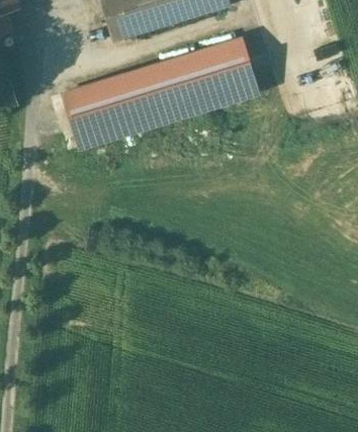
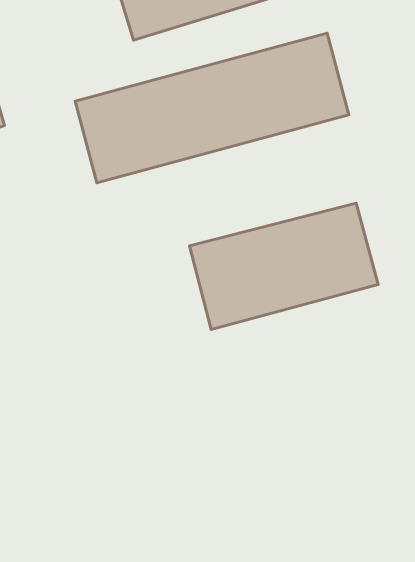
building: none -> [190,203,378,329]

